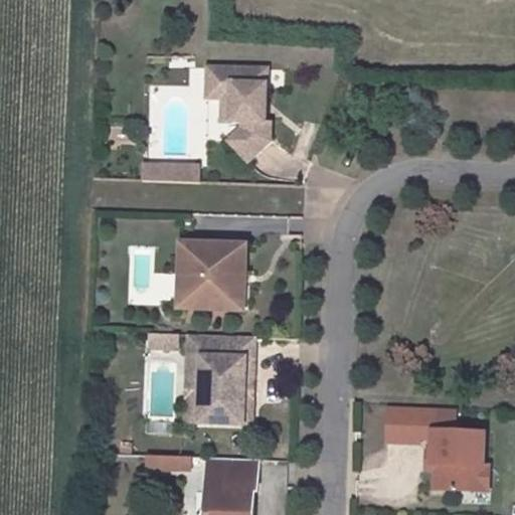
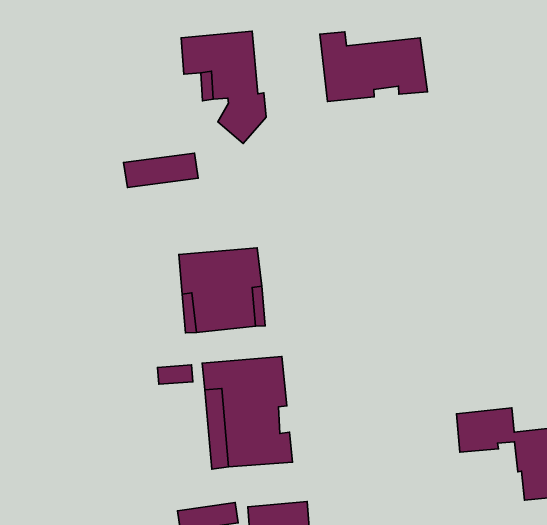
building: none -> [320,32,427,101]

